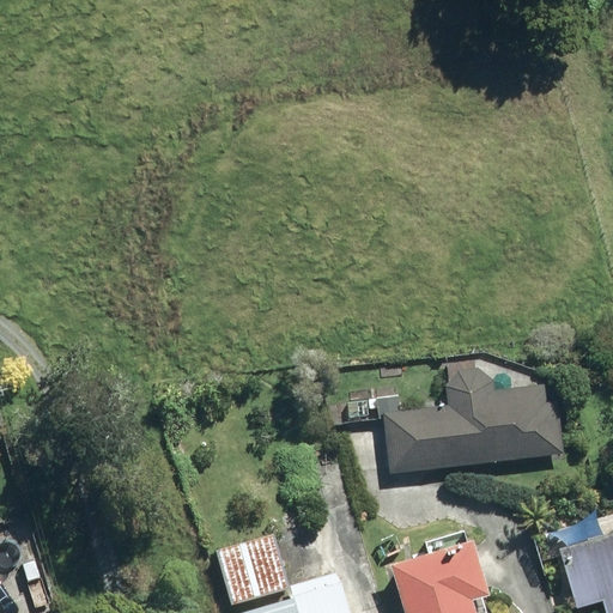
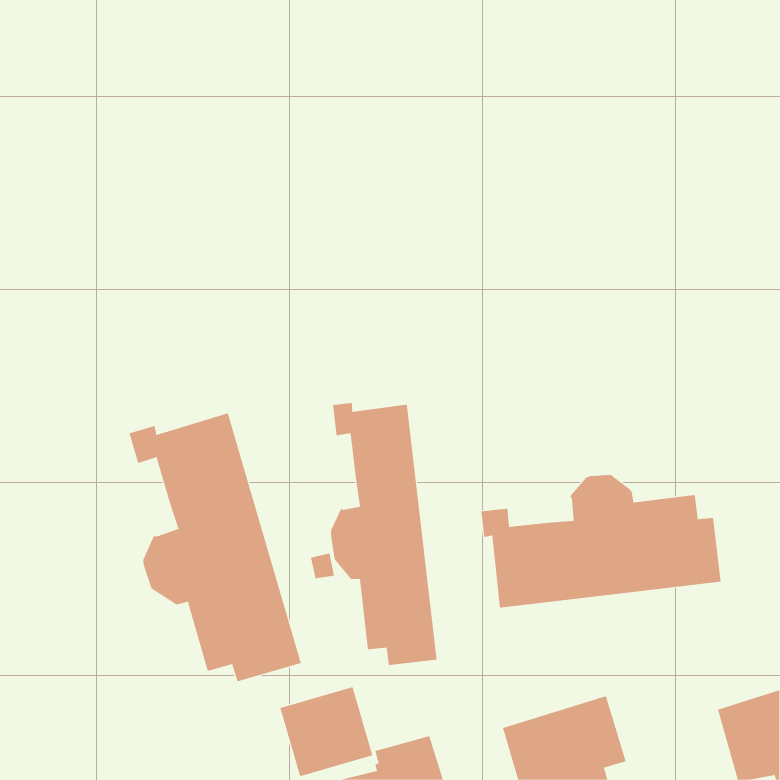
building: none -> [331,402,437,666]
building: none -> [129,412,302,682]

